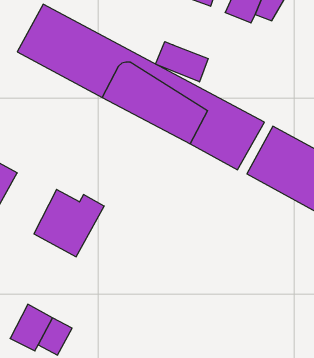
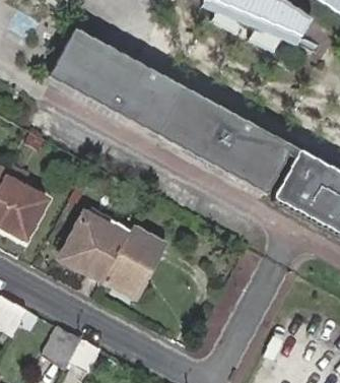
building: [155,42,208,82] -> none
building: none -> [106,226,165,297]

